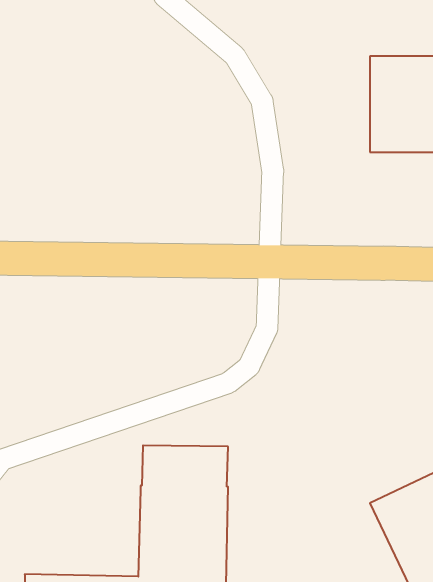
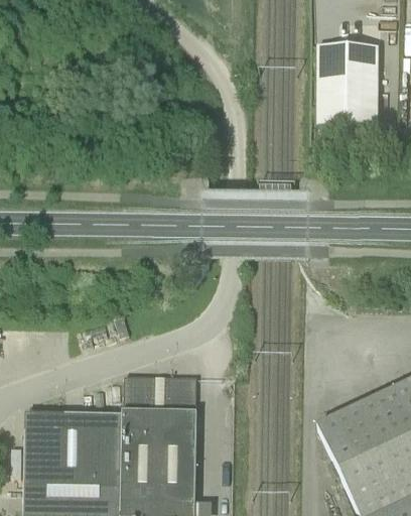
building: none -> [23,416,122,492]

